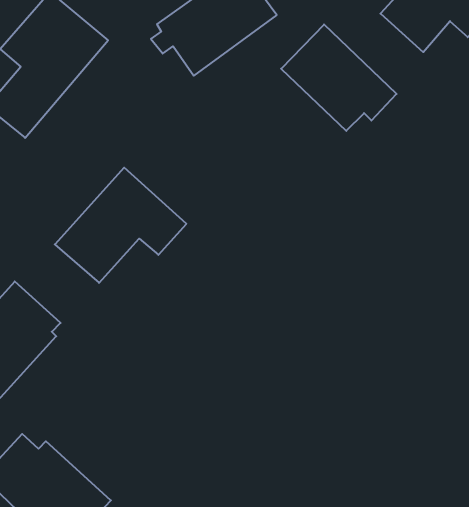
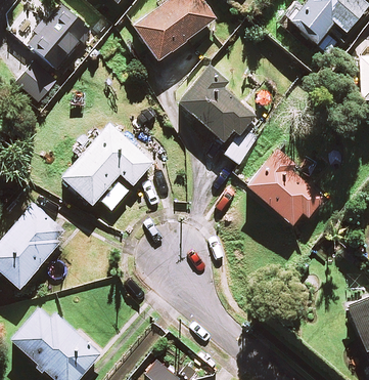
building: [281,24,397,131] -> [177,69,257,142]
building: none -> [245,149,325,224]

